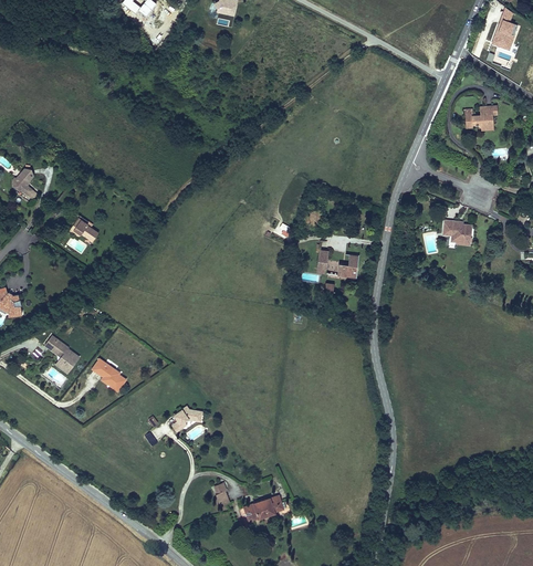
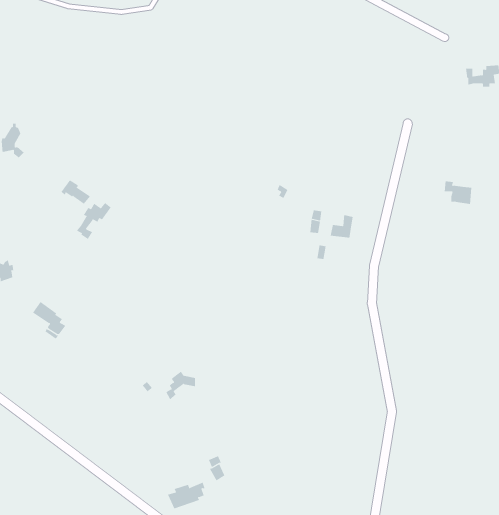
building: none -> [76,202,111,240]
building: [92,357,129,391] -> none
building: [244,500,282,526] -> [167,482,206,509]

